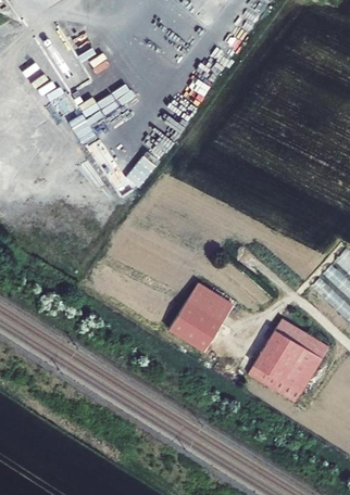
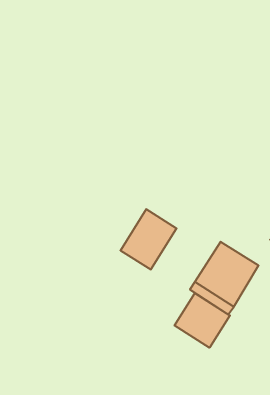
building: none -> [175,293,230,348]

